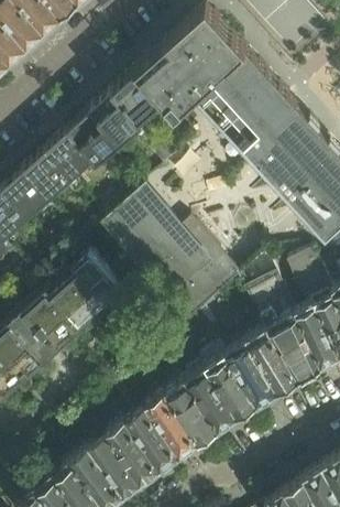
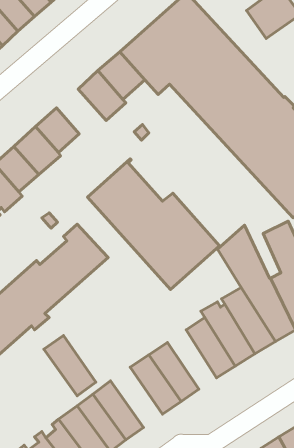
building: [69,109,122,163] -> none
building: [187,365,239,428] -> none
building: [127,404,182,468] -> [44,336,96,396]

